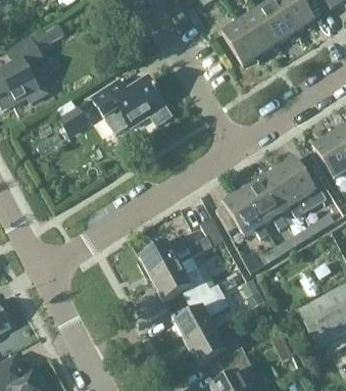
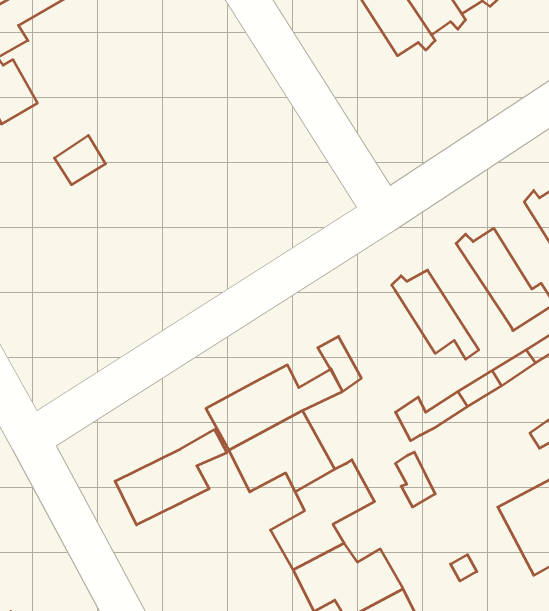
building: [92,79,171,128] -> none
building: [258,168,304,215] -> none
building: [221,191,267,236] -> none
building: none -> [115,430,227,525]

